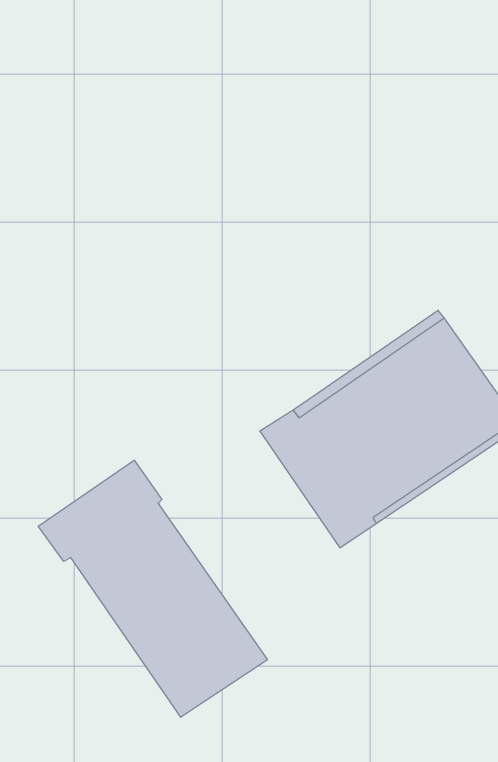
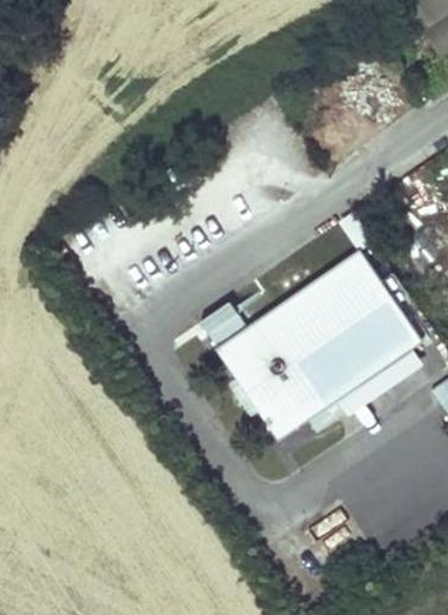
building: [38,460,267,717] -> none

